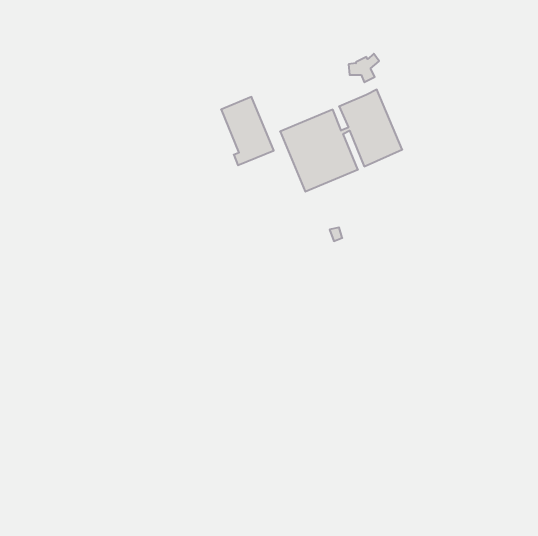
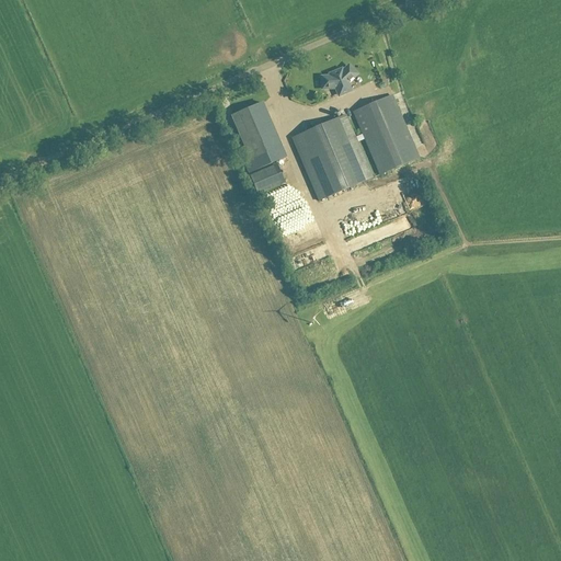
building: [349,54,379,82] -> [322,65,354,94]
building: none -> [248,163,283,194]

